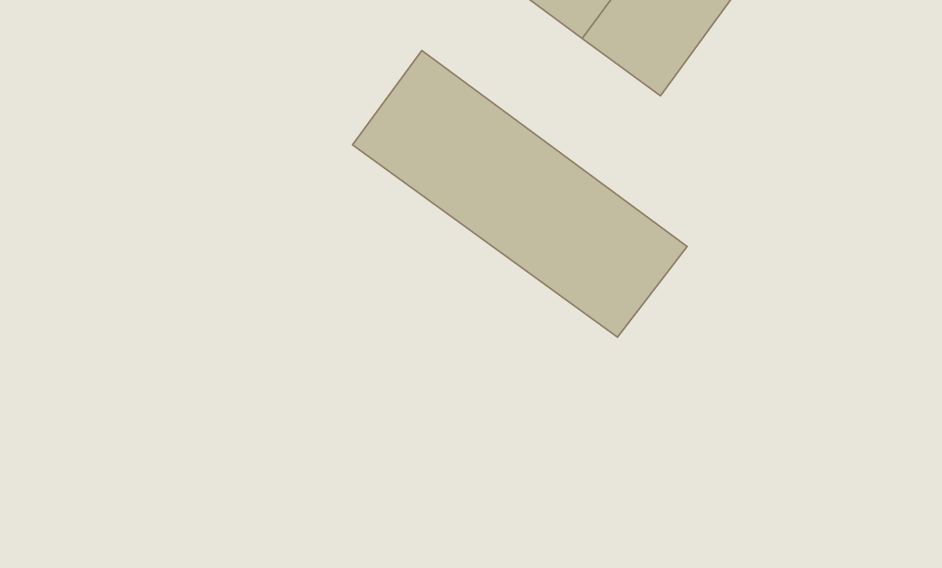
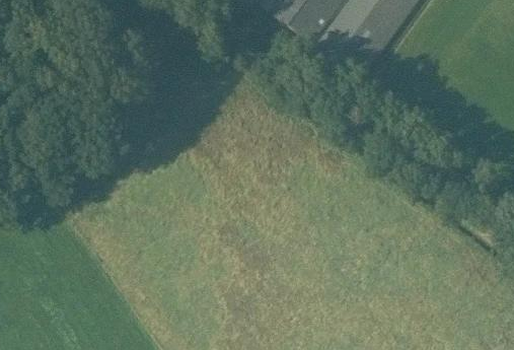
building: [353,51,687,337] -> none

